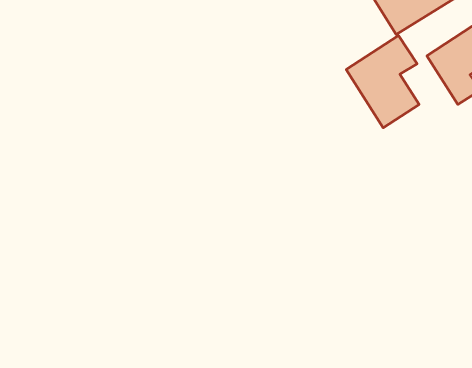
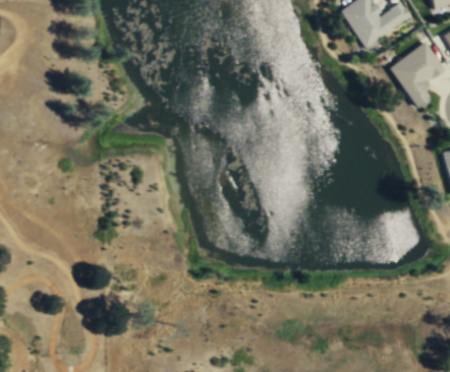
building: [346,35,419,128] -> none

